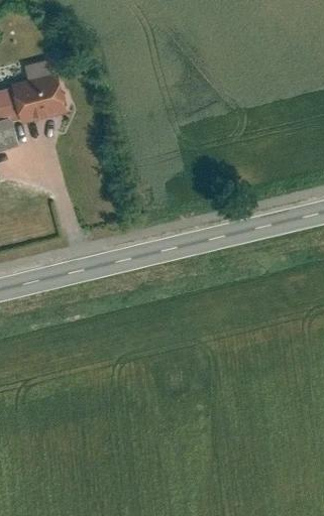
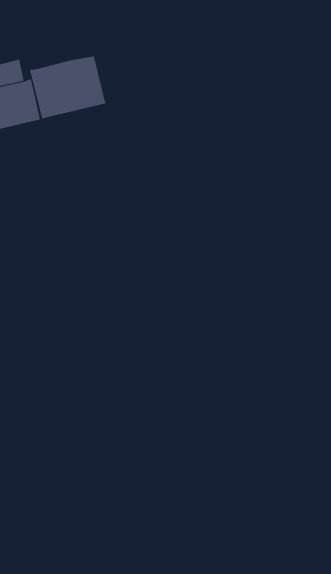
building: none -> [29,55,106,119]

